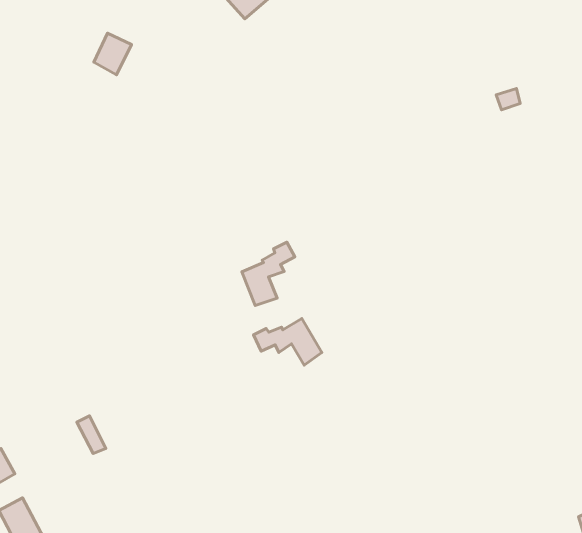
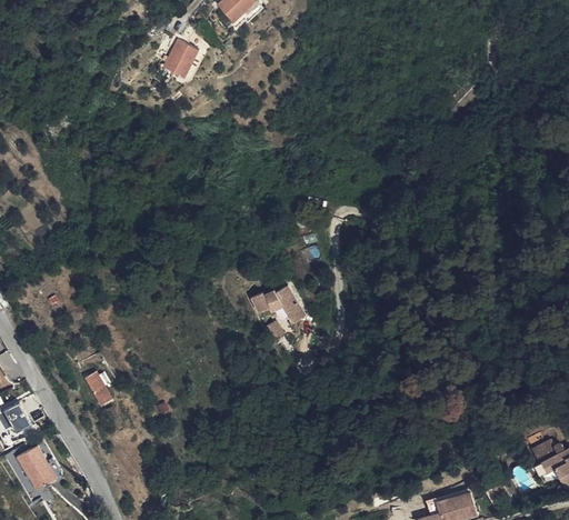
building: [94,33,132,75] -> [166,39,199,76]
building: [242,242,295,306] -> none

